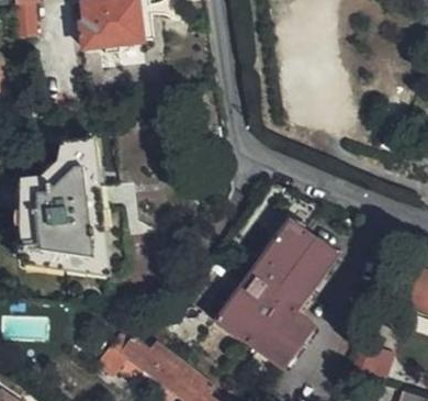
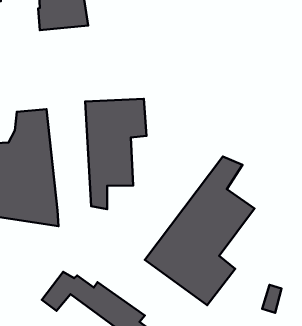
building: none -> [85,99,146,209]

